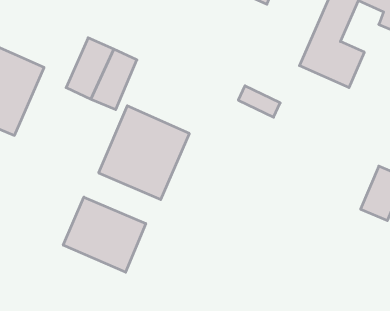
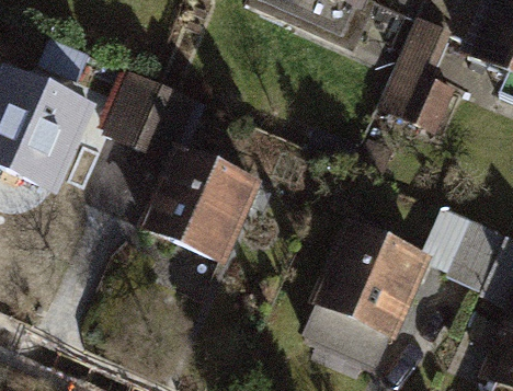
building: none -> [304,226,421,364]
building: [63,197,146,272] -> none

